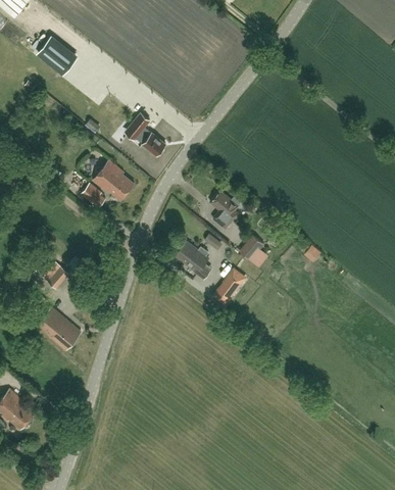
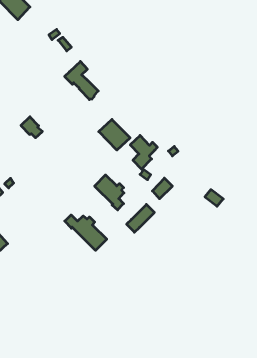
building: [92,159,134,200] -> none
building: none -> [99,119,130,150]
building: none -> [65,215,107,250]

